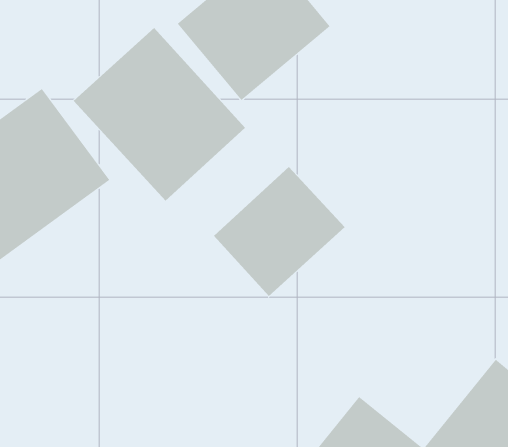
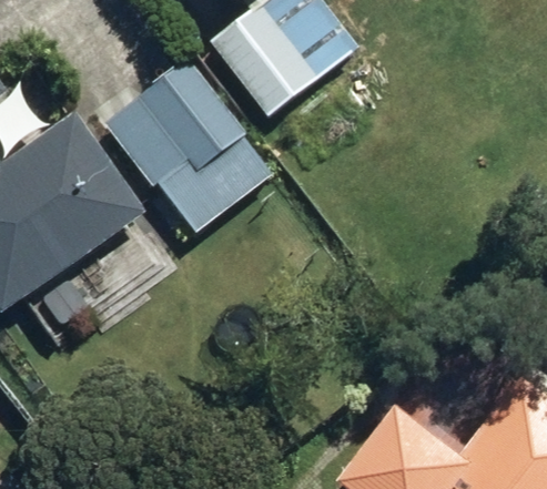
building: [213,166,345,297] -> none

